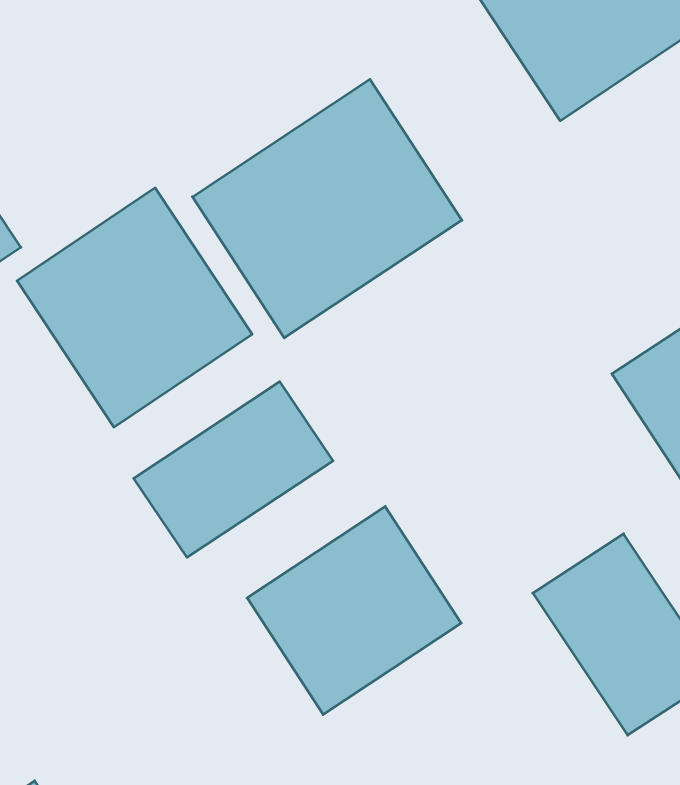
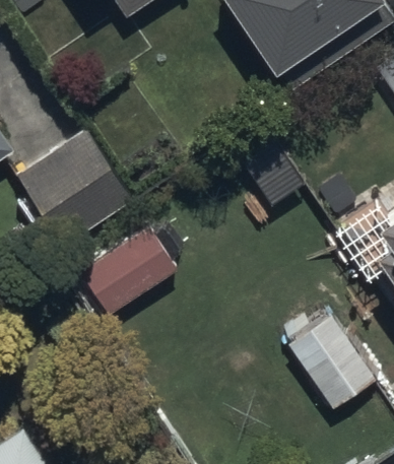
building: [192,79,462,338] -> none
building: [247,506,461,715] -> none

